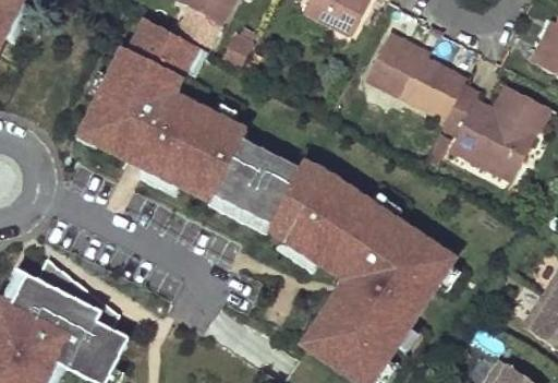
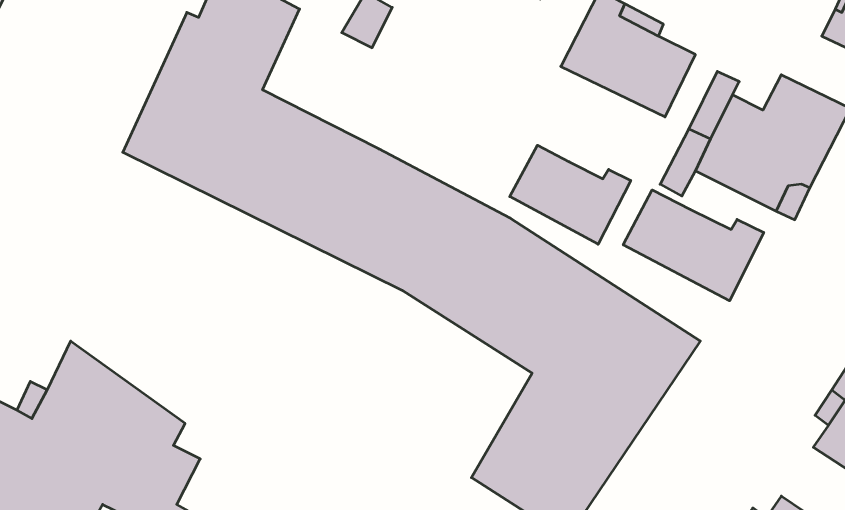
building: none -> [510,145,631,244]
building: none -> [623,190,764,301]

